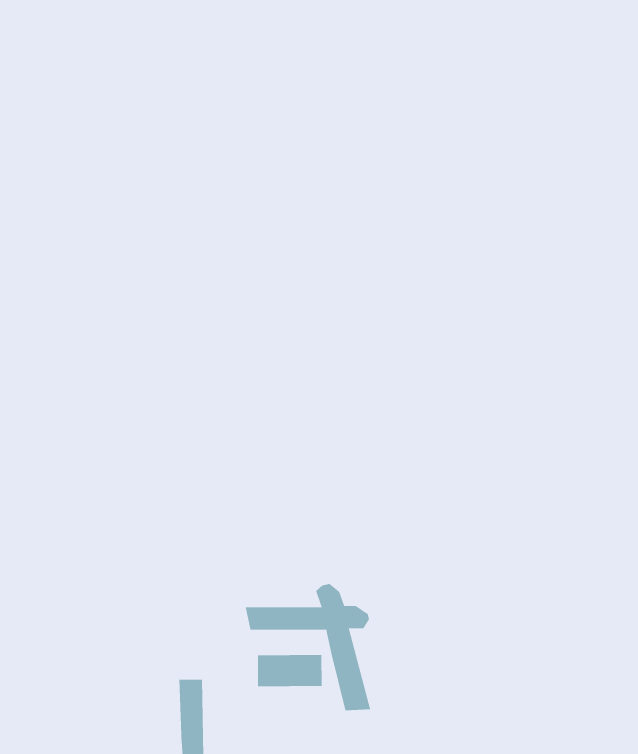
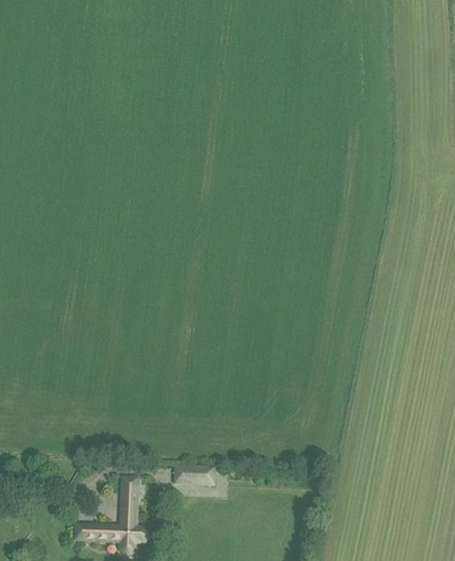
building: [245,583,371,711] -> none

